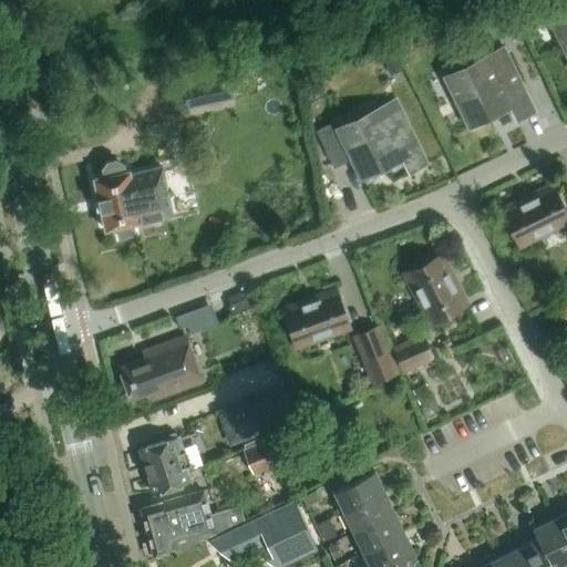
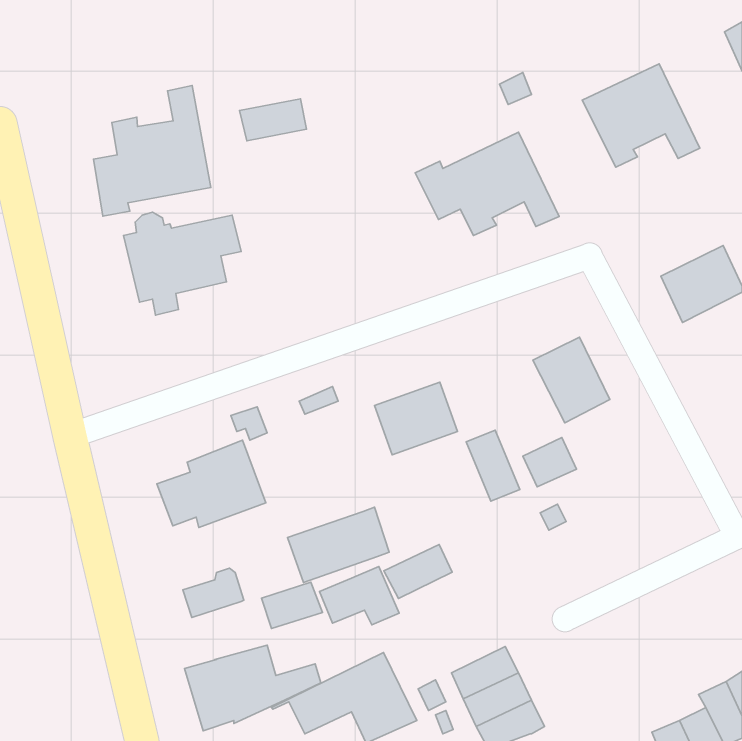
building: none -> [93,85,211,216]
building: [146,460,193,495] -> [261,582,322,629]
building: [333,473,385,514] -> [384,545,452,598]

